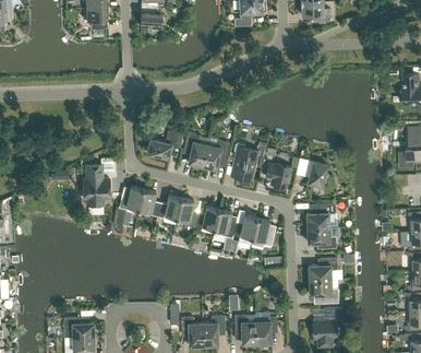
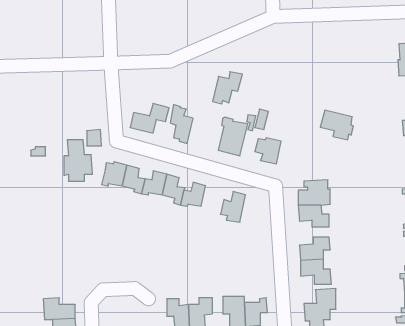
building: [201,140,229,170] -> [213,72,242,104]
building: [296,157,327,186] -> [320,110,353,140]
building: [213,209,236,236] -> none
building: [251,217,275,247] -> none

